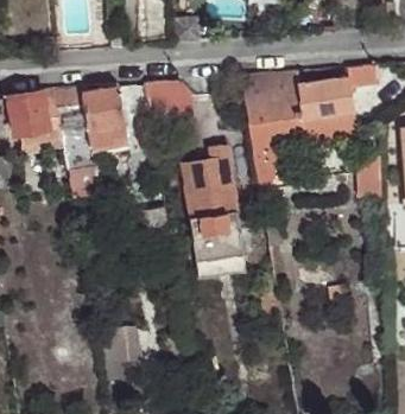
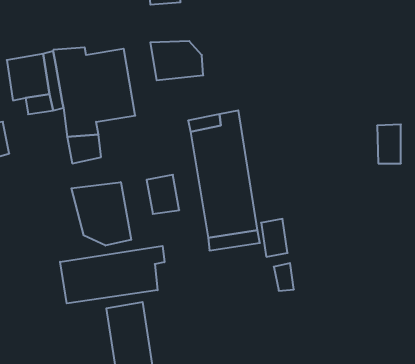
building: [242,65,378,198] -> none
building: none -> [71,182,131,246]
building: none -> [60,246,164,303]

